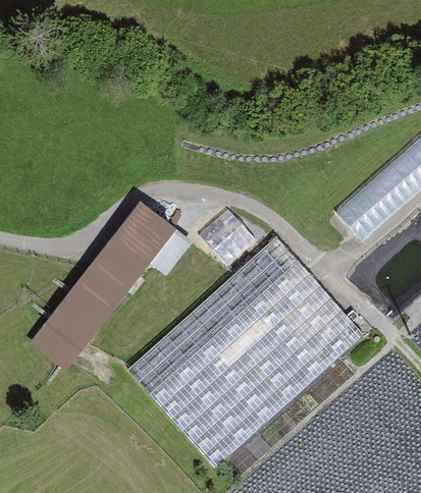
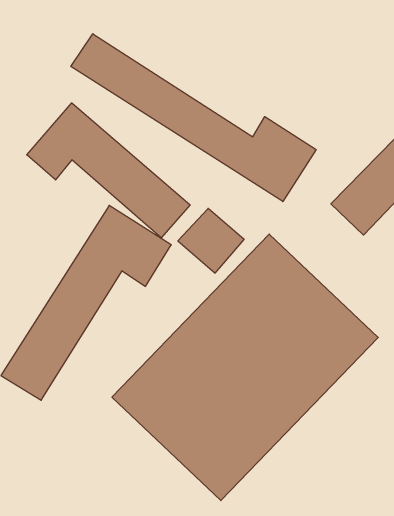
building: none -> [71,34,316,202]
building: none -> [27,103,190,238]

